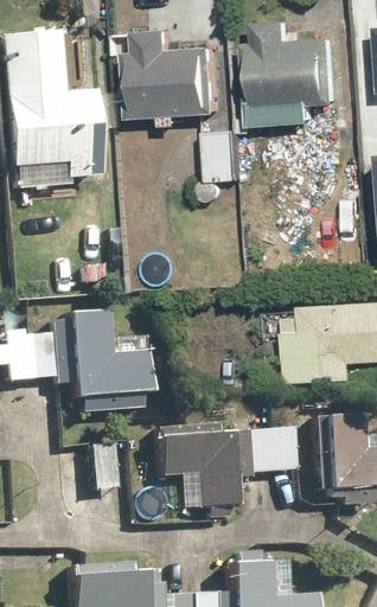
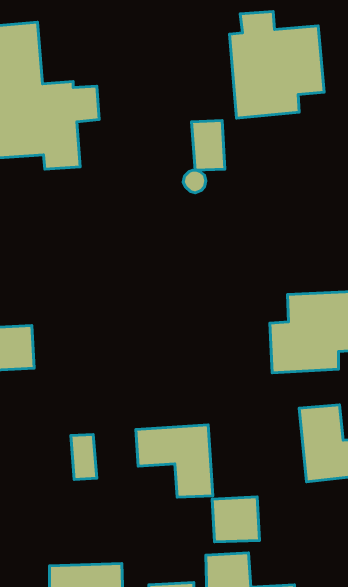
building: [130,26,228,119] -> none
building: [72,309,154,396] -> none
building: [251,426,299,471] -> [212,497,259,542]

